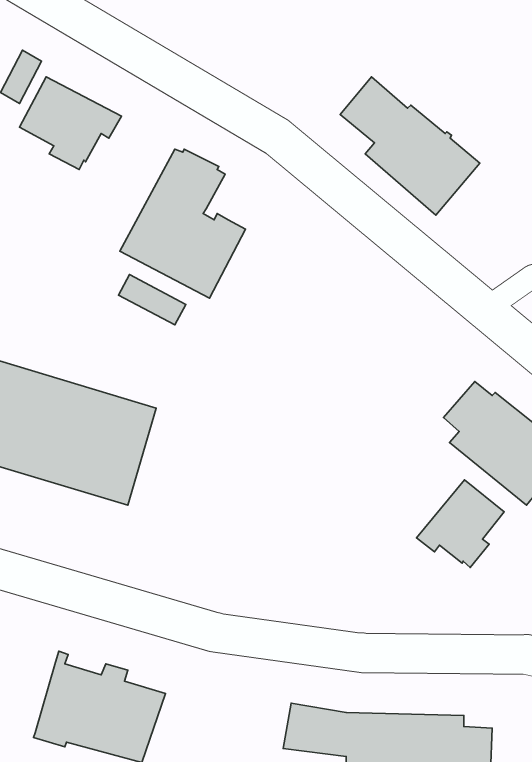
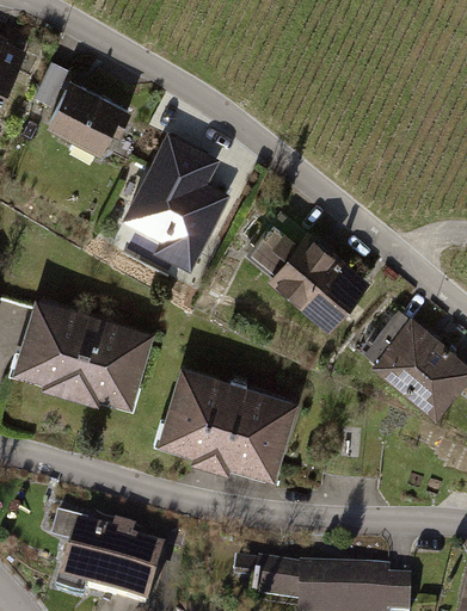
building: [340,77,480,215] -> [256,217,362,322]
building: none -> [159,365,297,476]
building: [416,480,504,567] -> none

